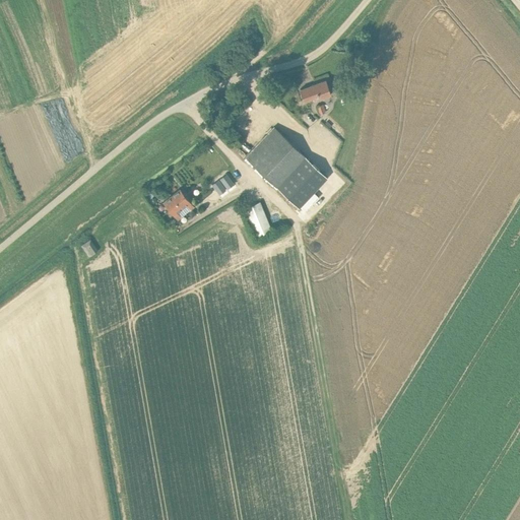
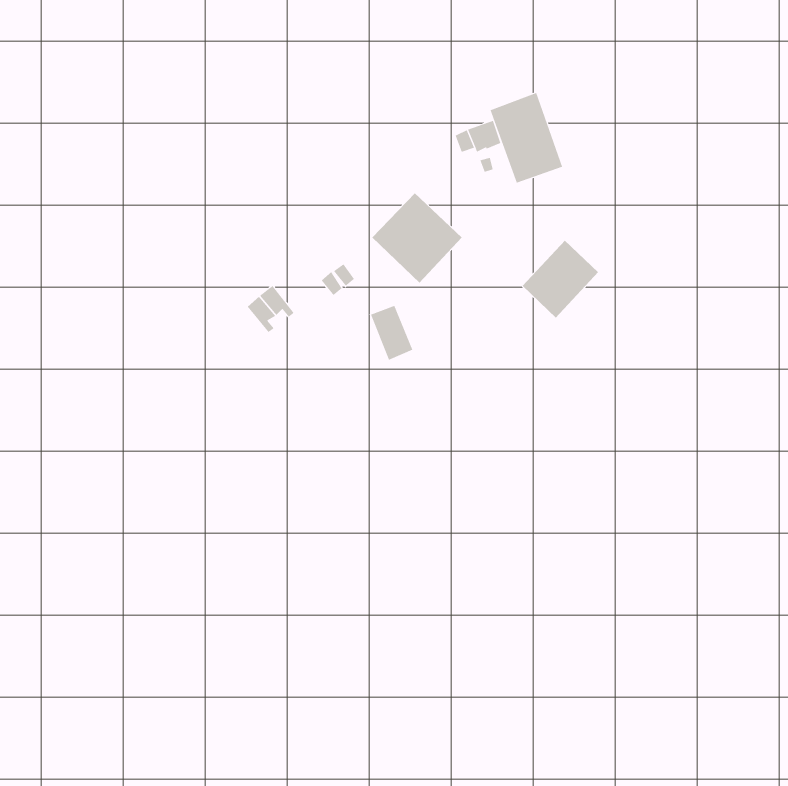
building: none -> [490,92,563,183]
building: [276,157,327,209] -> [522,240,599,318]

